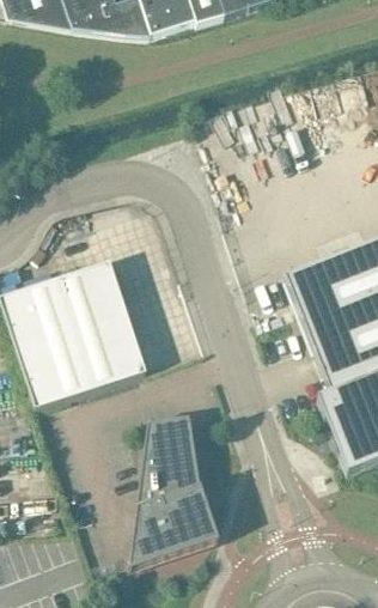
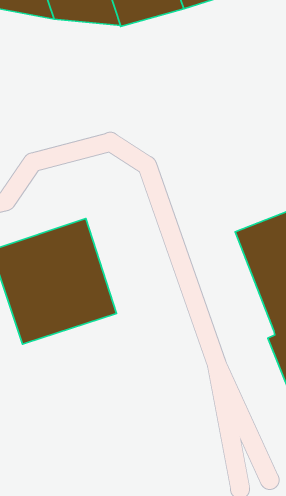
building: [130,414,221,570] -> none

